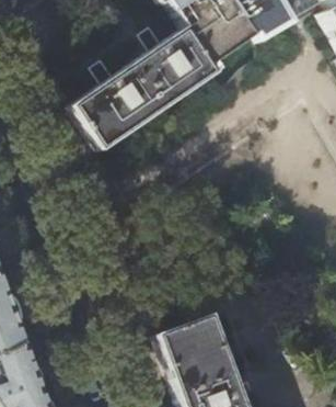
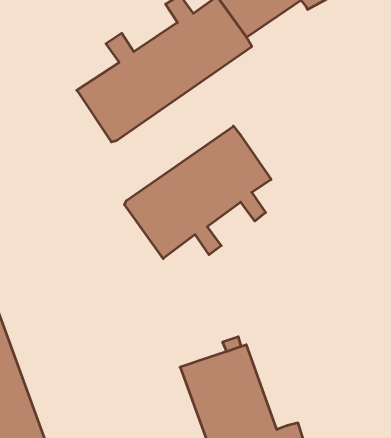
building: none -> [124,126,271,259]

